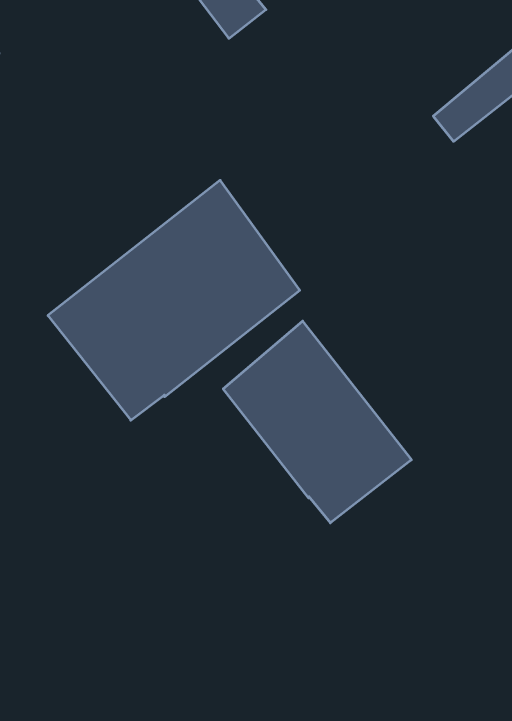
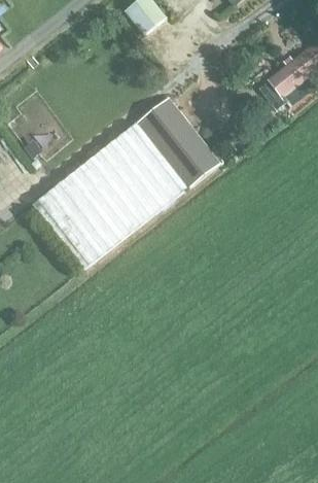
building: none -> [137,96,219,188]
building: [223,321,411,523] -> none

